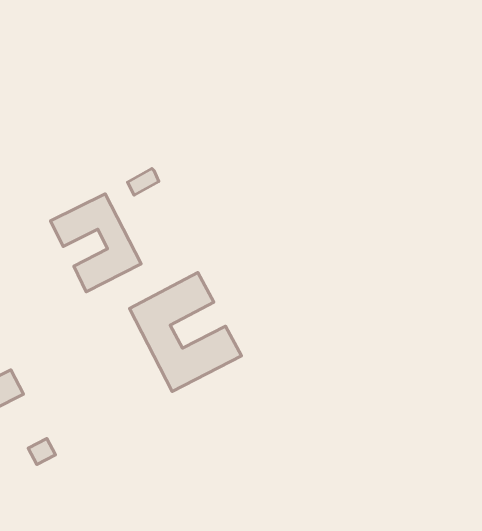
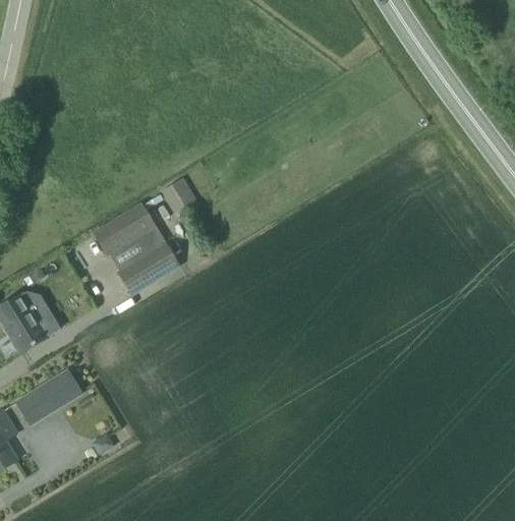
building: [130,272,242,391] -> none

